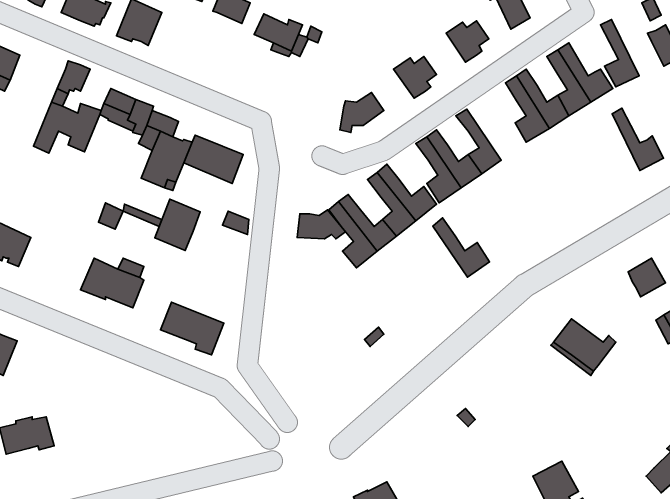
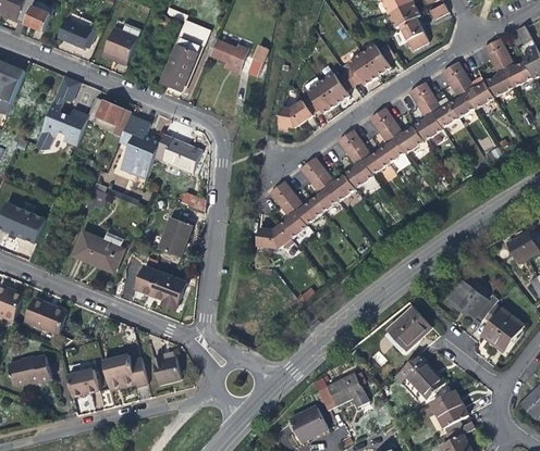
building: none -> [162,37,200,90]
building: none -> [344,53,377,86]
building: none -> [303,76,336,114]
building: [612,108,663,170] -> [492,38,532,87]
building: [155,199,200,250] -> [157,216,193,256]
building: [297,210,345,239] -> [256,225,294,248]
building: [433,218,490,277] -> [378,107,422,153]
building: none -> [25,298,68,334]
building: none -> [478,301,521,349]
building: none -> [385,306,429,349]
building: none -> [102,354,148,386]
building: none -> [152,354,180,379]
building: none -> [400,356,443,399]
building: none -> [68,368,98,396]
building: none -> [316,371,366,409]

